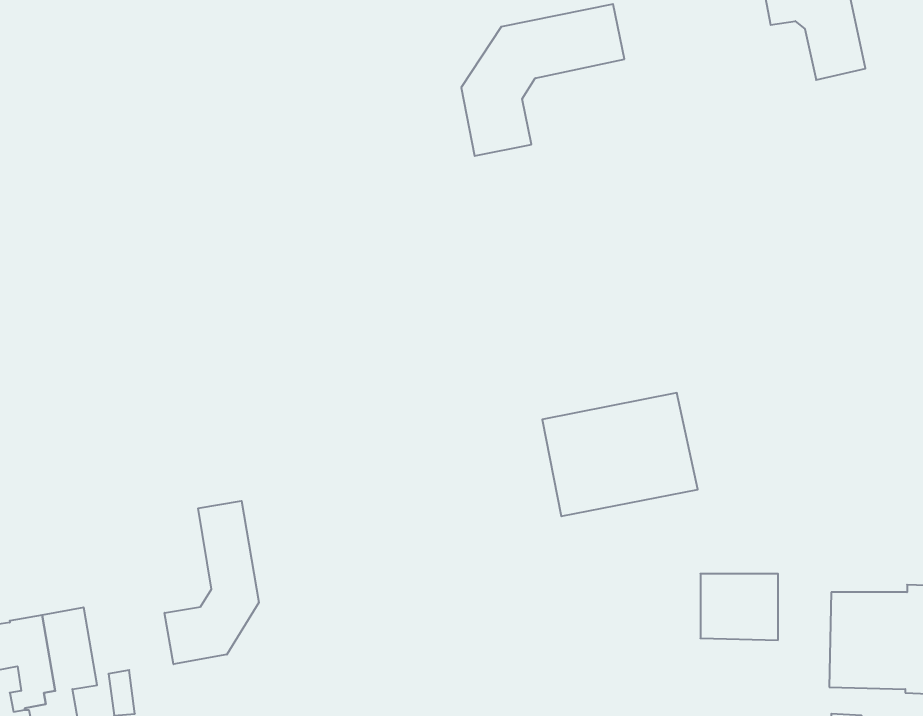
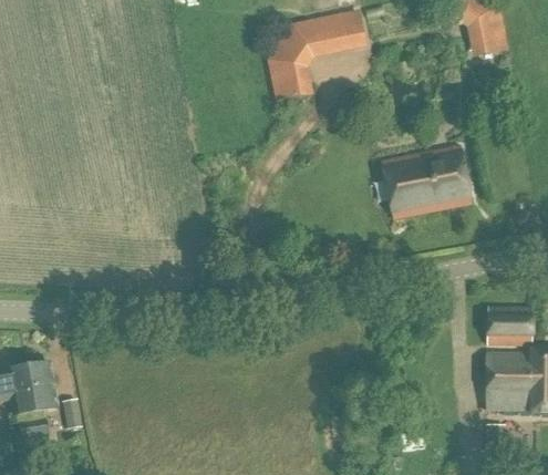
building: [542,393,698,516] -> [381,147,472,219]
building: [165,501,259,664] -> none
building: [700,574,778,640] -> [487,307,533,345]

